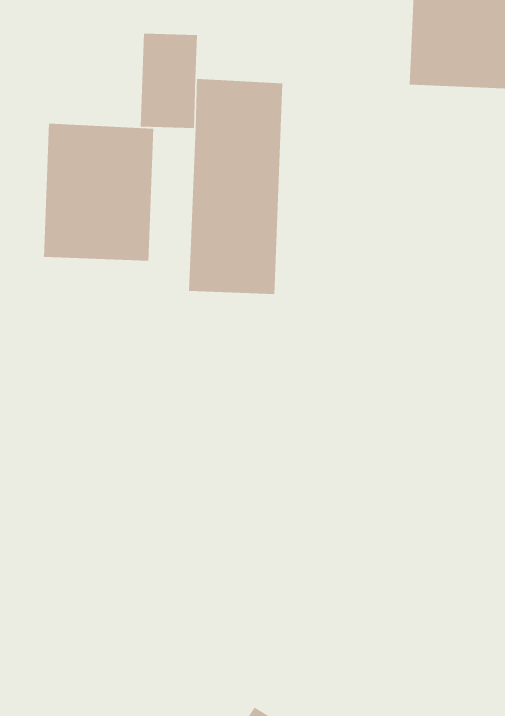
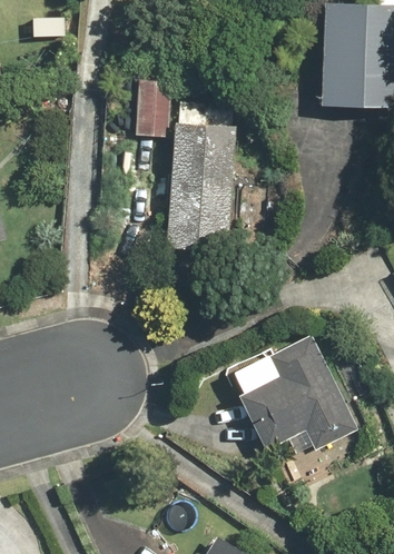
building: [44,123,154,262] -> none
building: none -> [240,330,357,455]

